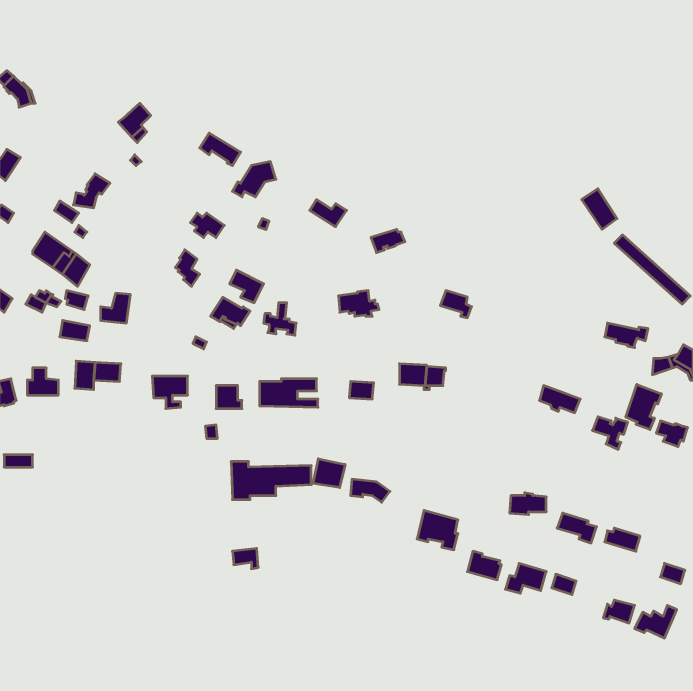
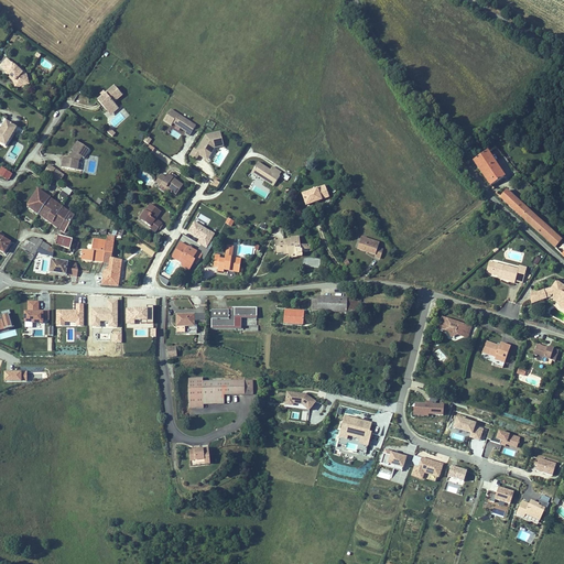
building: none -> [101,235,121,286]
building: [626,384,661,430] -> none
building: [313,459,345,488] -> none

